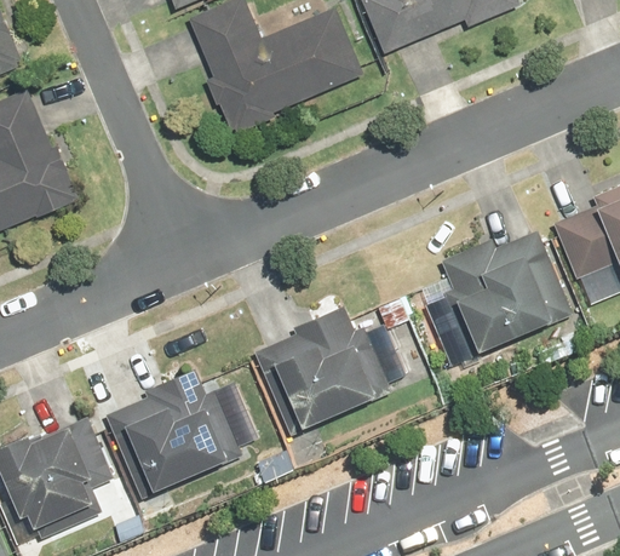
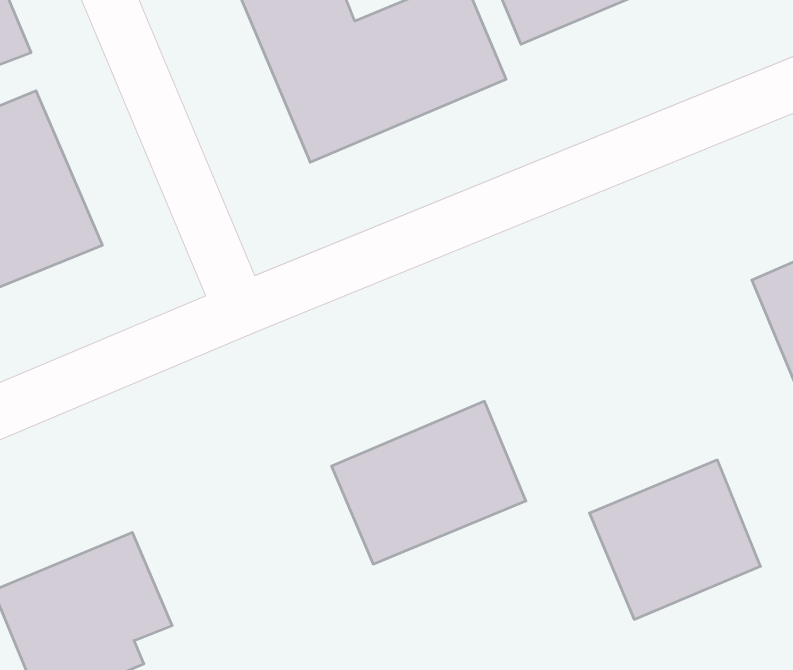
building: [442,234,567,350] -> [589,460,761,619]
building: [116,376,236,485] -> none

